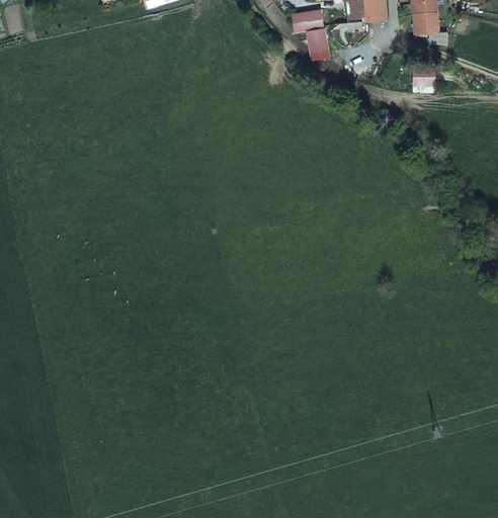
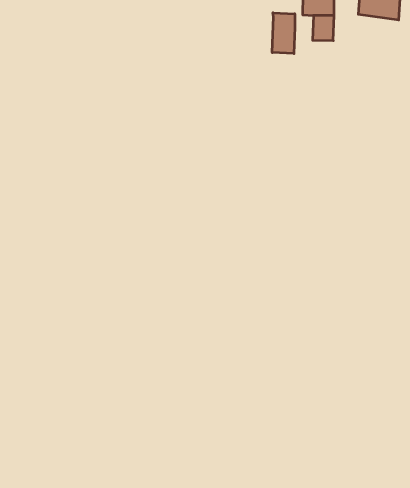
building: none -> [272,13,295,54]

